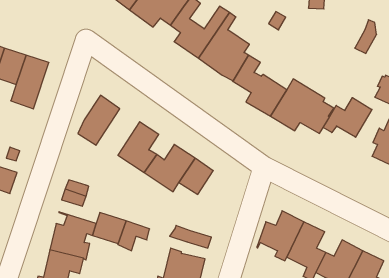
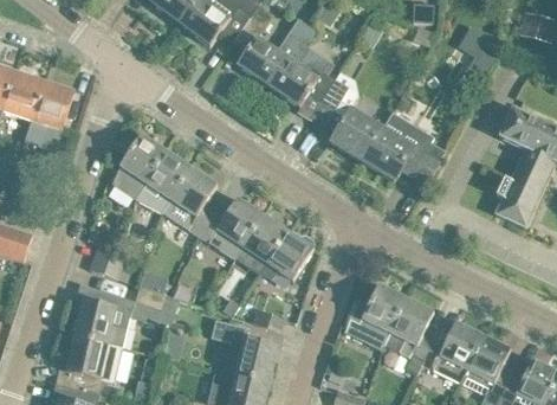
building: [323,98,372,137] -> none
building: none -> [135,152,192,214]
building: none -> [260,232,313,281]

